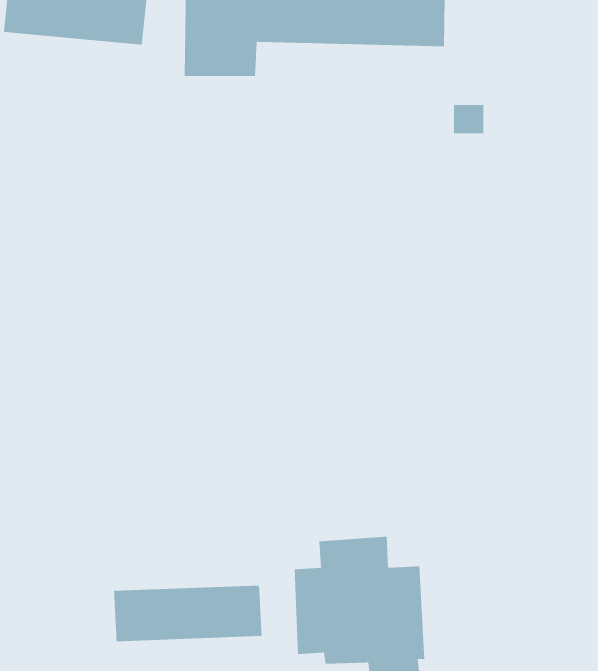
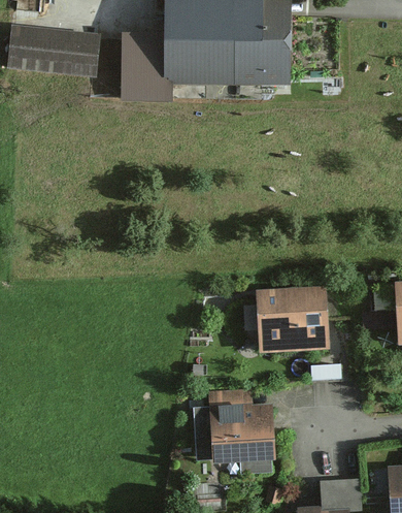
building: none -> [256,287,329,354]
building: [114,585,262,642] -> none

